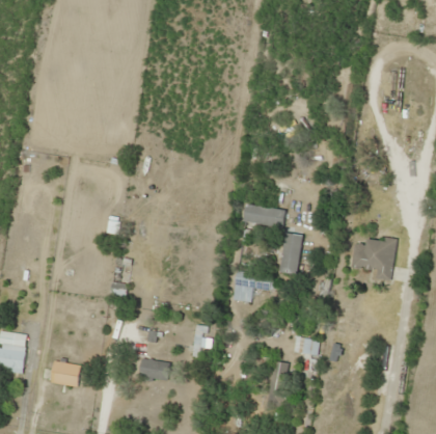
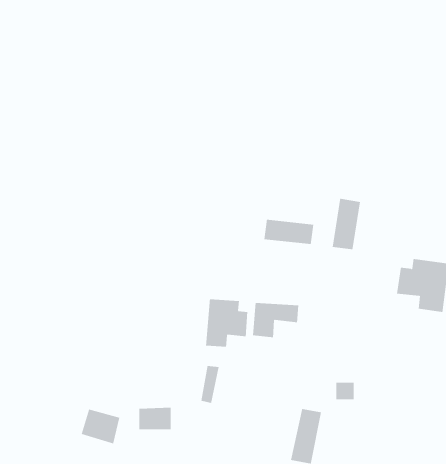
building: [278,232,302,274] -> [332,198,361,250]
building: none -> [206,298,248,347]
building: [49,359,81,388] -> [81,409,120,444]

